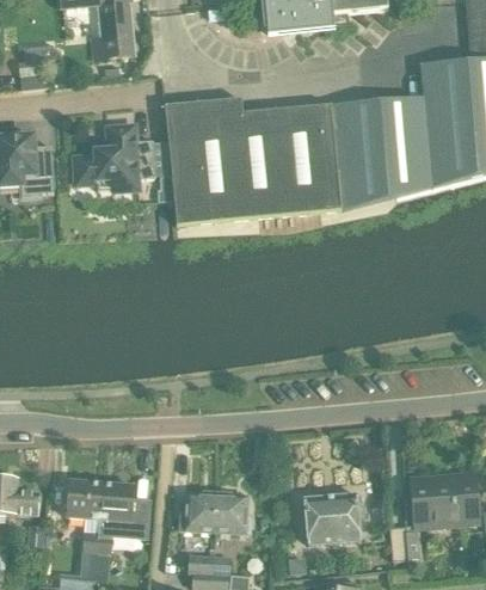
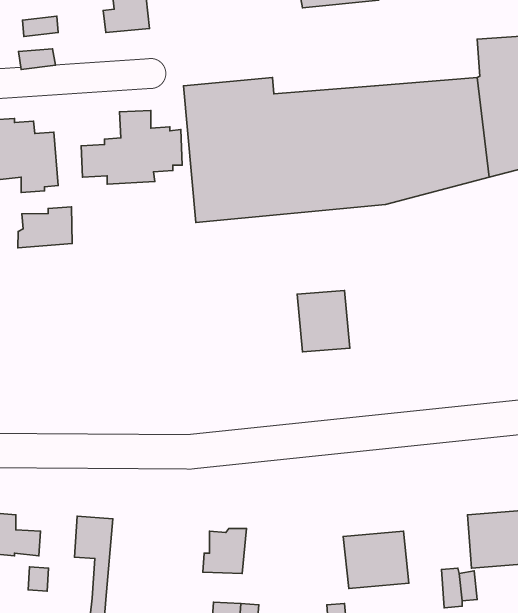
building: none -> [18,207,72,248]
building: none -> [297,290,350,352]
building: [96,483,148,554] -> none
building: [215,491,250,533] -> none

